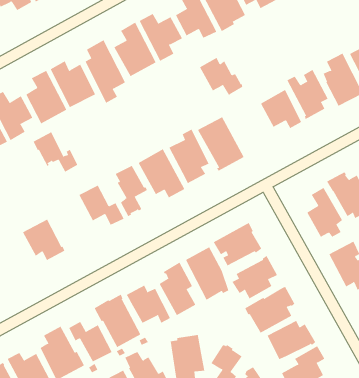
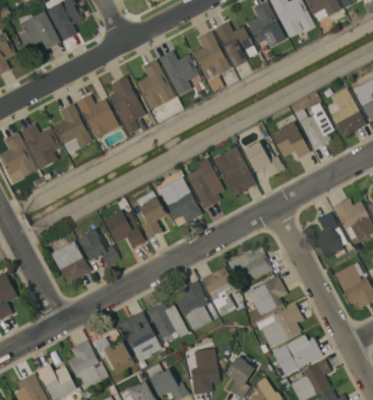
building: [199,57,243,97] -> [243,140,284,177]
building: [33,132,78,172] -> [77,229,119,267]

